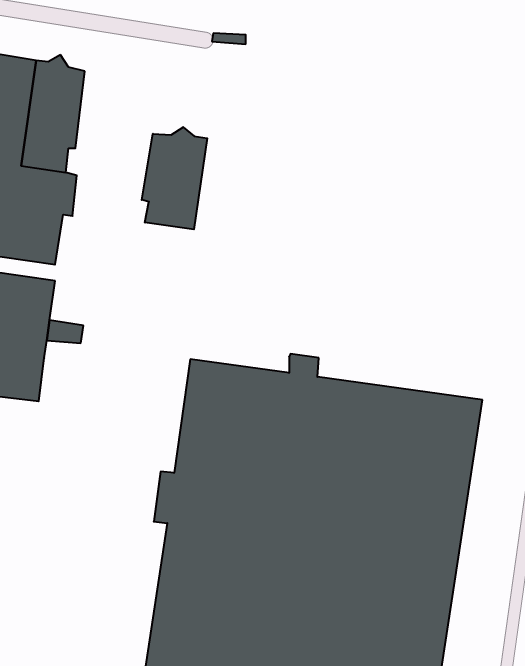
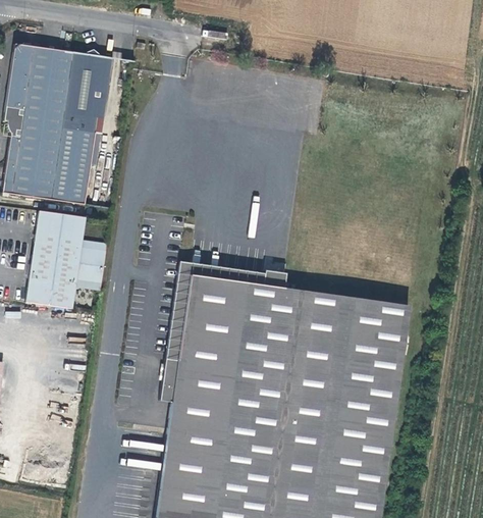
building: [142,127,207,229] -> none
building: none -> [79,262,107,279]
building: none -> [167,262,264,362]

